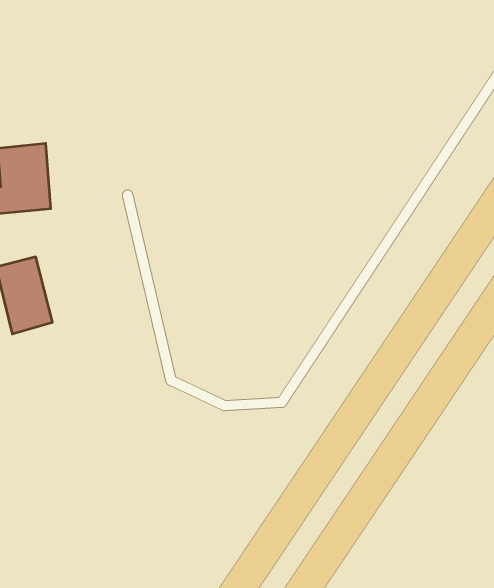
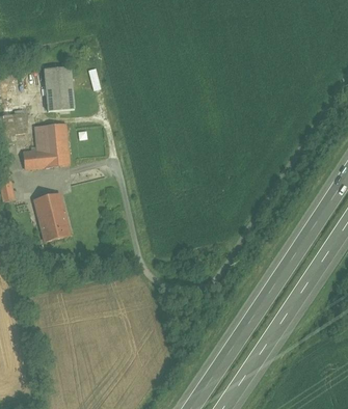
building: none -> [44,65,74,110]

